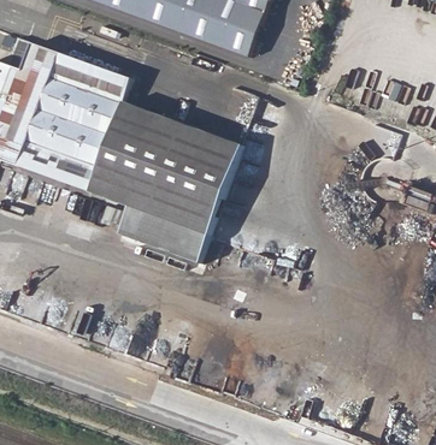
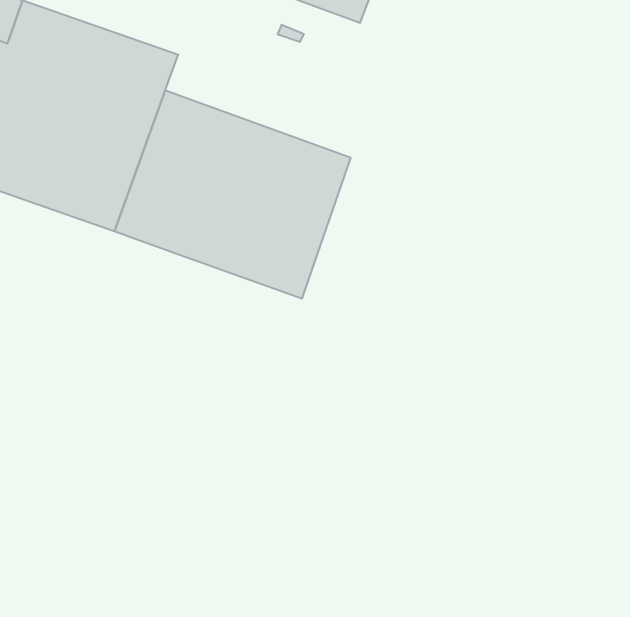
building: [118,204,210,261] -> none

